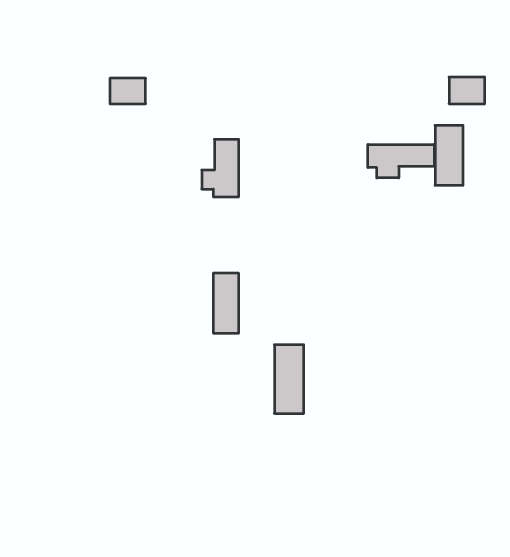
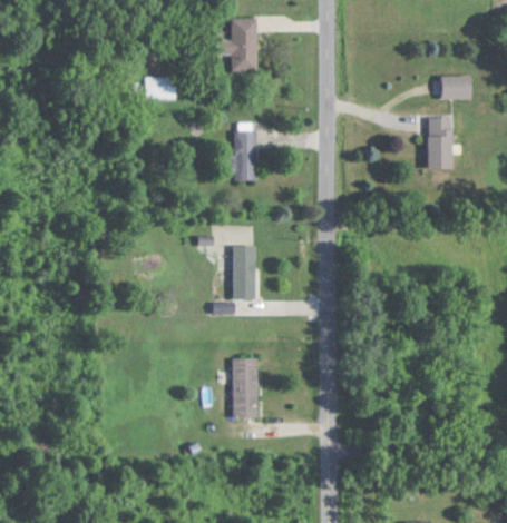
building: none -> [214,19,256,71]
building: [368,144,434,178] -> none
building: [274,345,304,413] -> [233,358,259,418]

